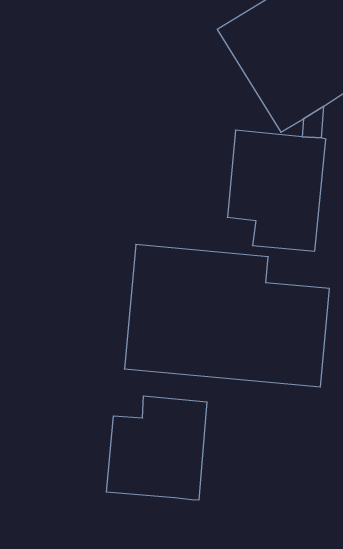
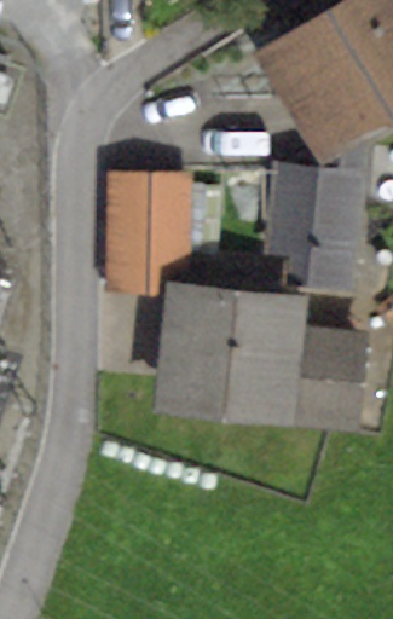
building: none -> [103,169,191,291]
building: [106,396,207,500] -> none

